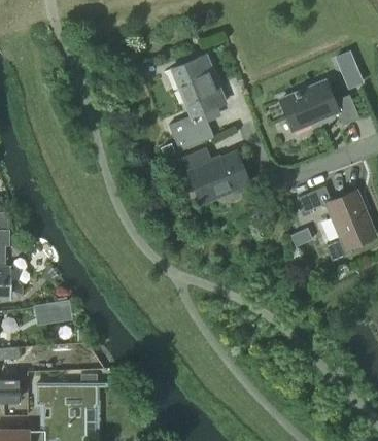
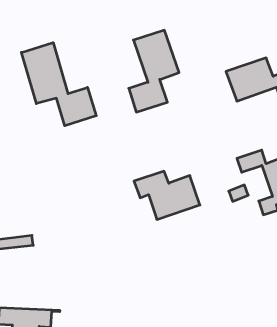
building: none -> [21,43,96,126]
building: [172,148,249,204] -> [134,171,200,219]

